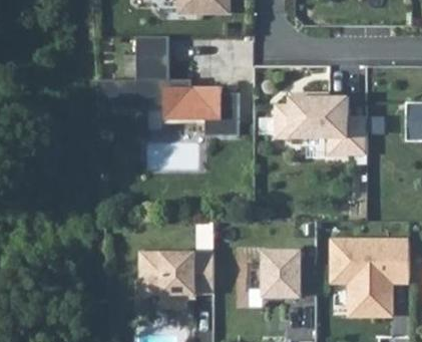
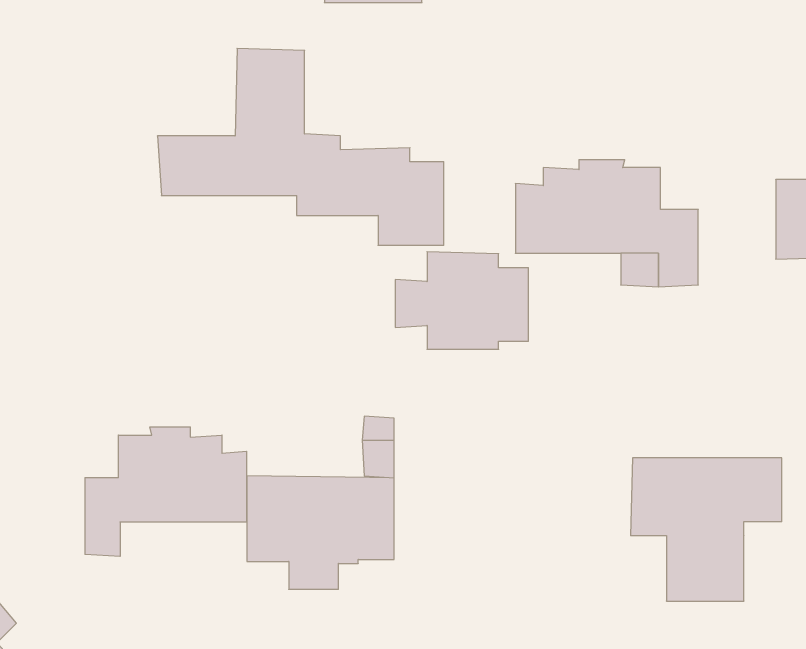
building: none -> [85,427,246,556]
building: [249,251,316,300] -> [395,252,528,349]

